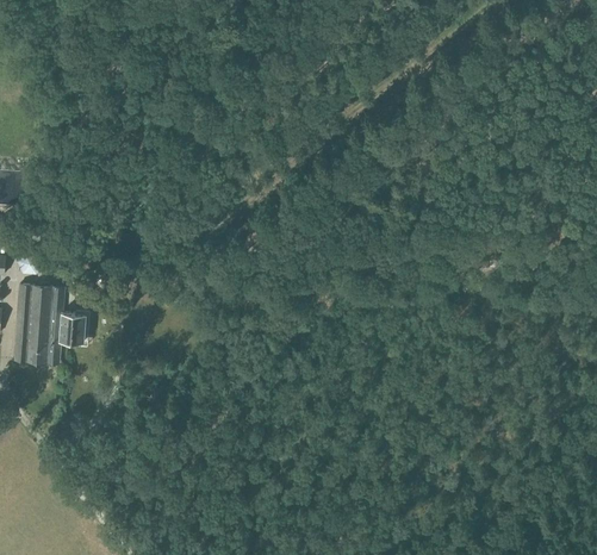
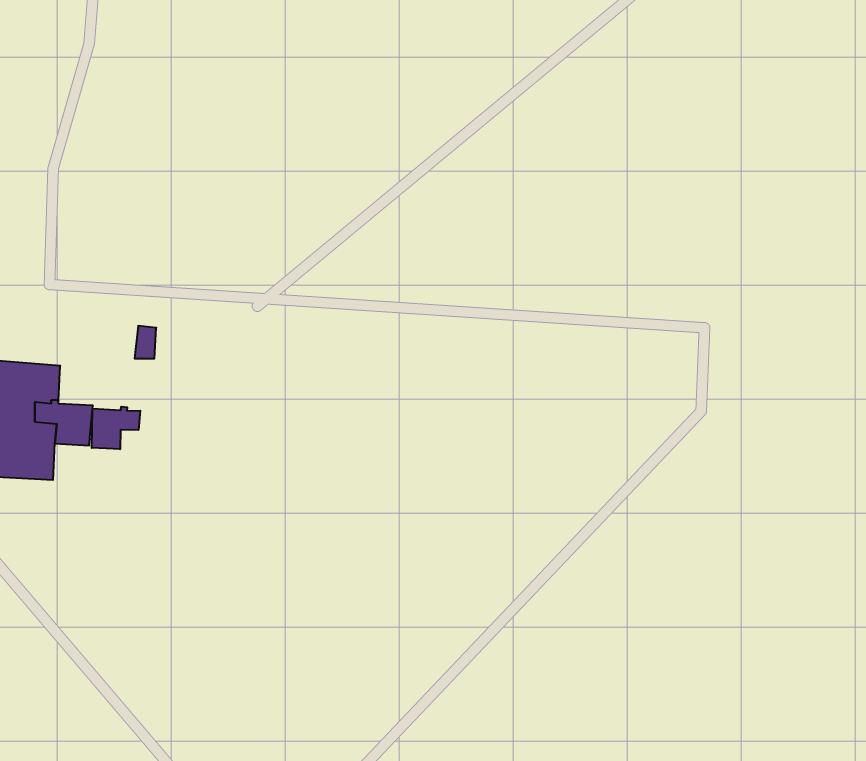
building: none -> [92,407,140,449]

